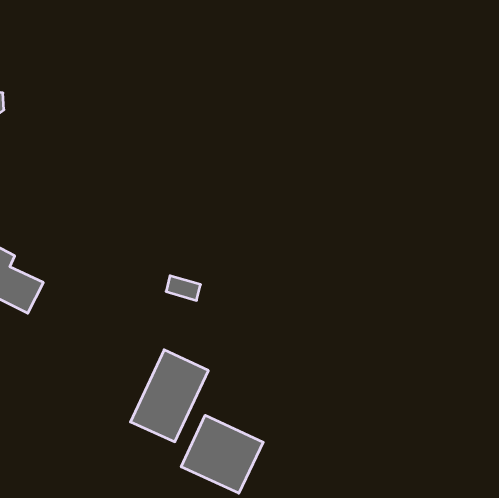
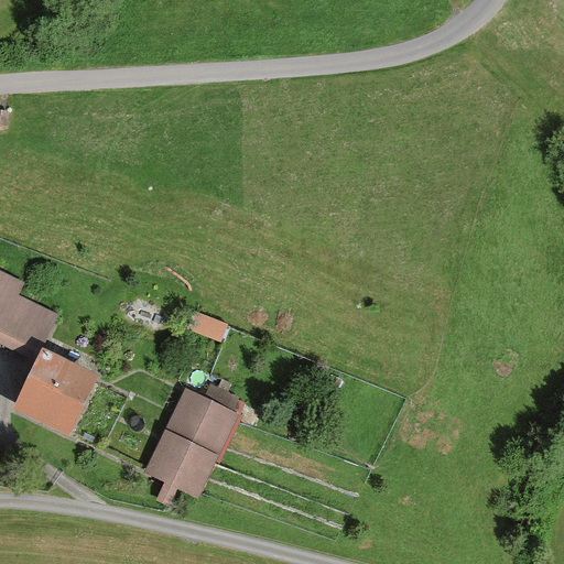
building: none -> [22,355,98,434]
building: [181,415,263,493] -> none

